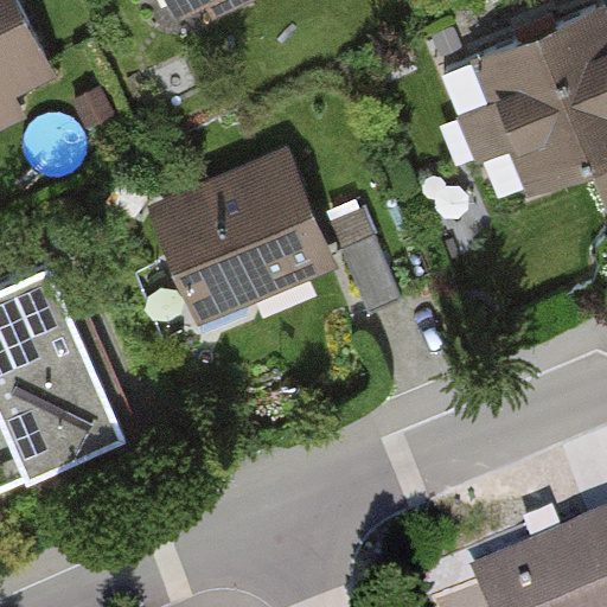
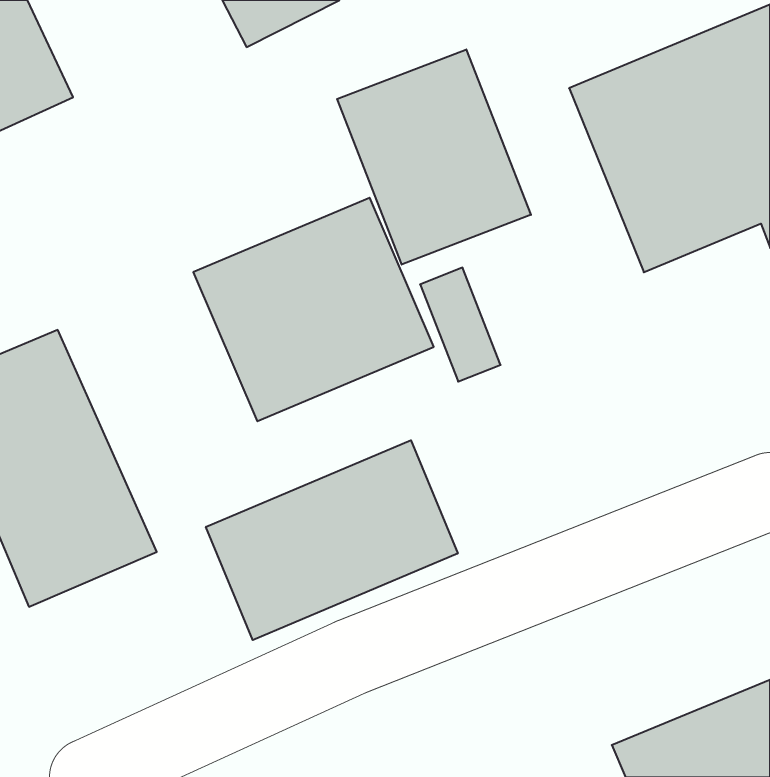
building: none -> [337,49,531,265]
building: none -> [206,440,458,640]

